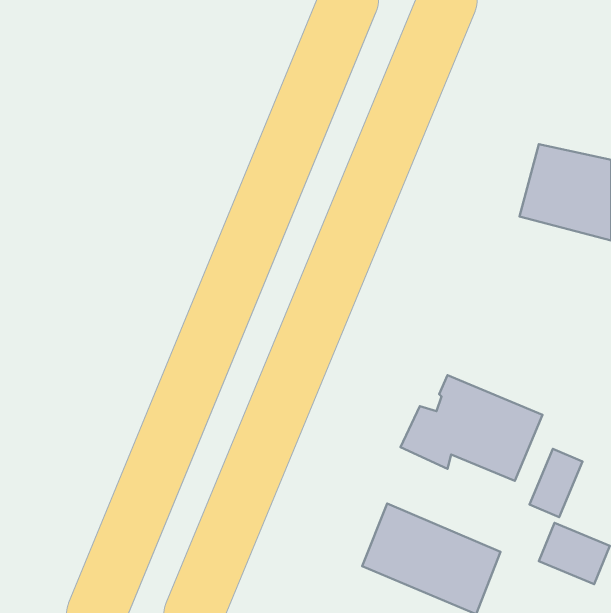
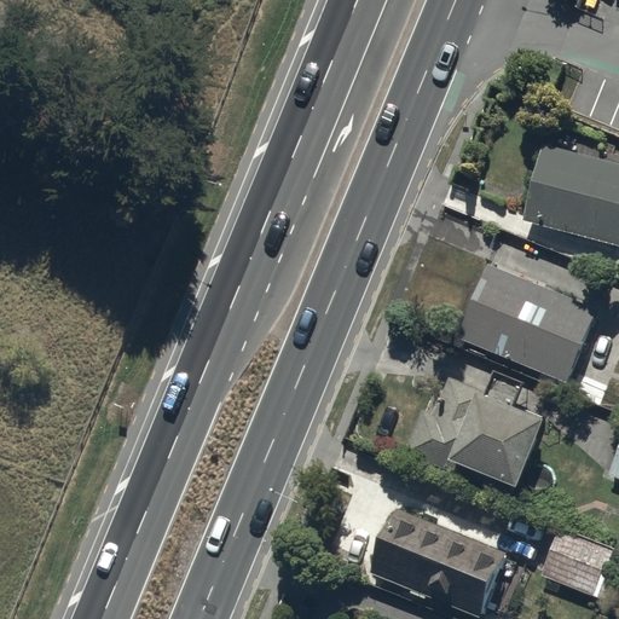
building: none -> [458,262,598,383]
building: [530,449,583,517] -> none

